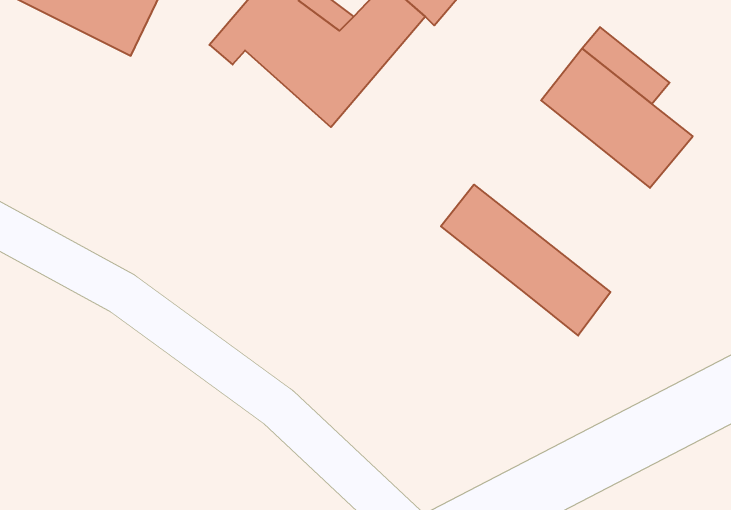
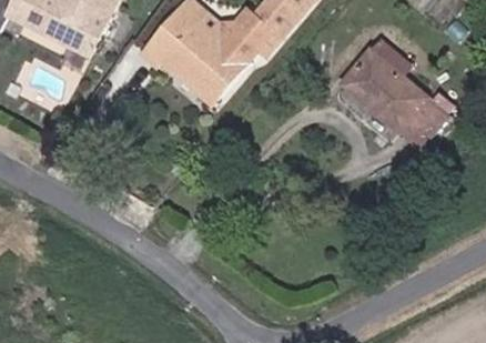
building: [441,185,610,336] -> none

